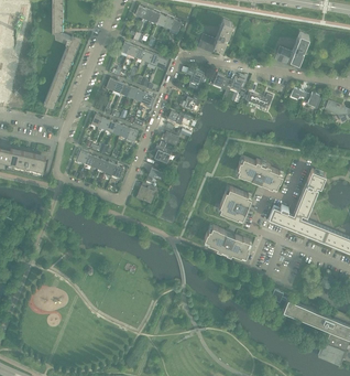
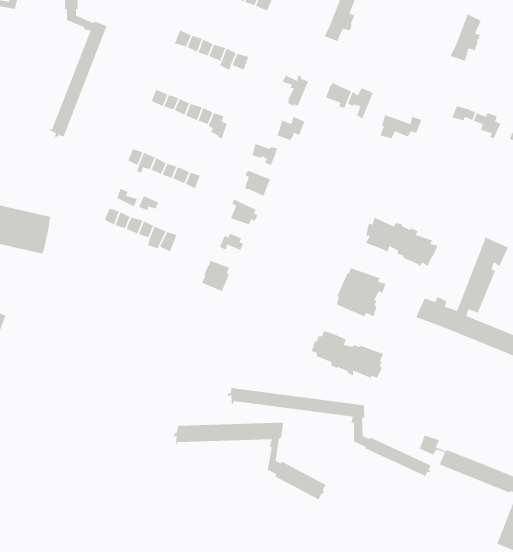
building: none -> [227,387,432,479]
building: none -> [173,422,326,503]

